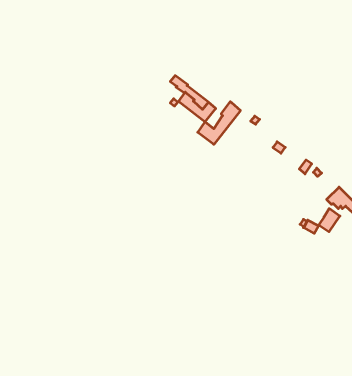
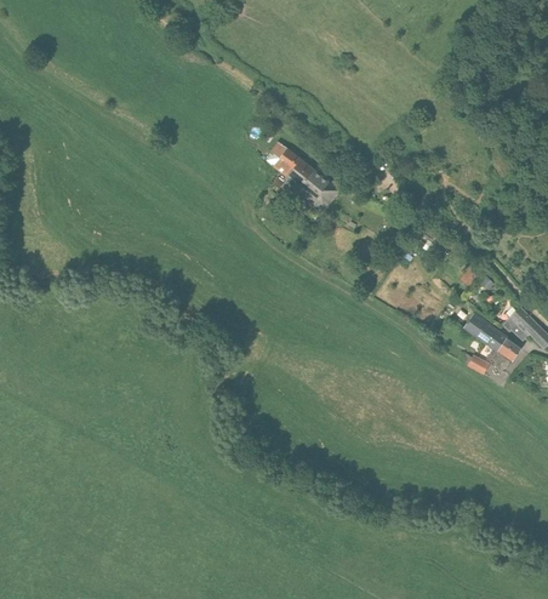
building: [198,102,240,144] -> none
building: none -> [464,314,504,360]

